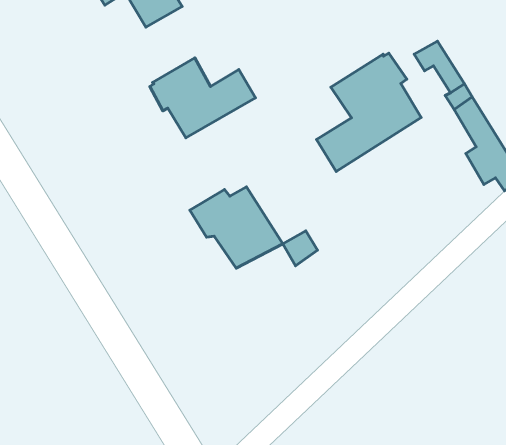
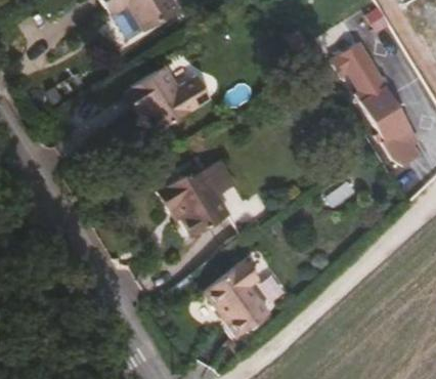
building: [316,53,421,172] -> none
building: none -> [207,258,270,324]

